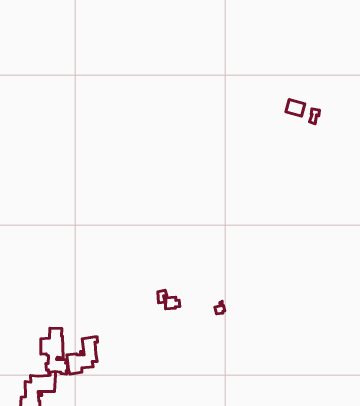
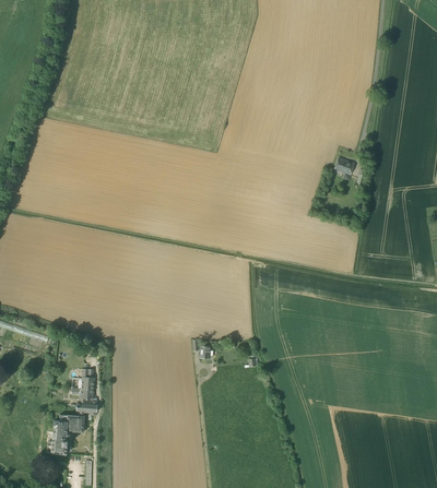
building: [67,337,97,374] -> none

